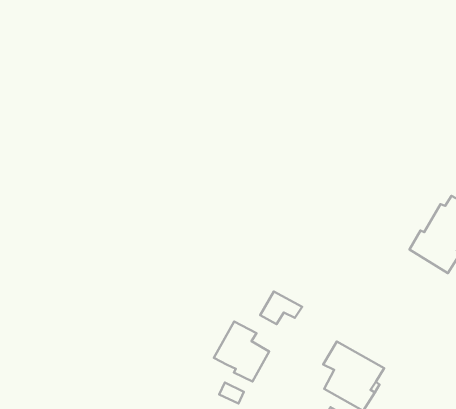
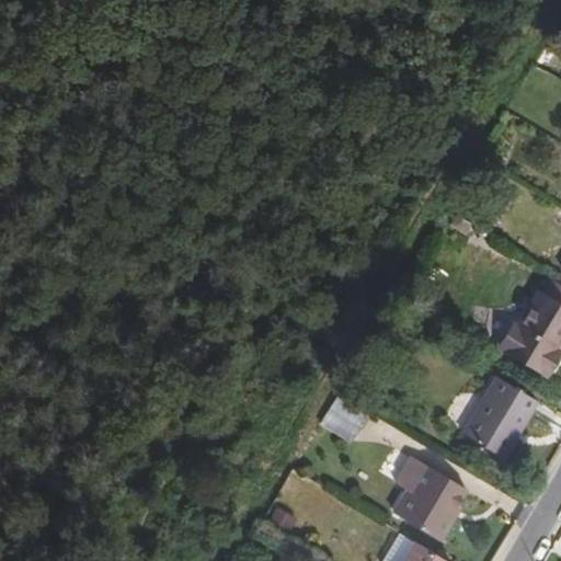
building: none -> [461,378,536,458]
building: [214,322,269,382] -> none

